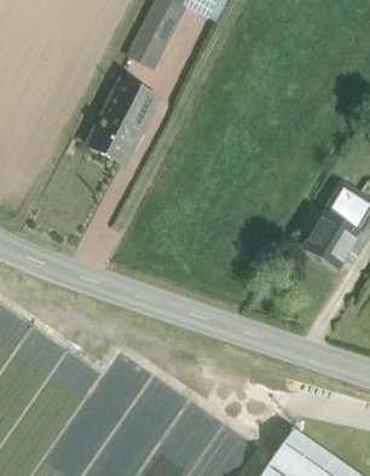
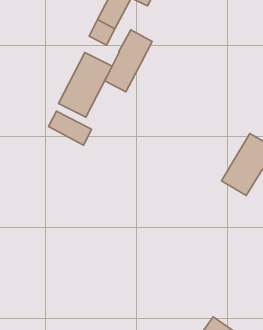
building: none -> [105,30,152,92]
building: none -> [48,111,91,145]

